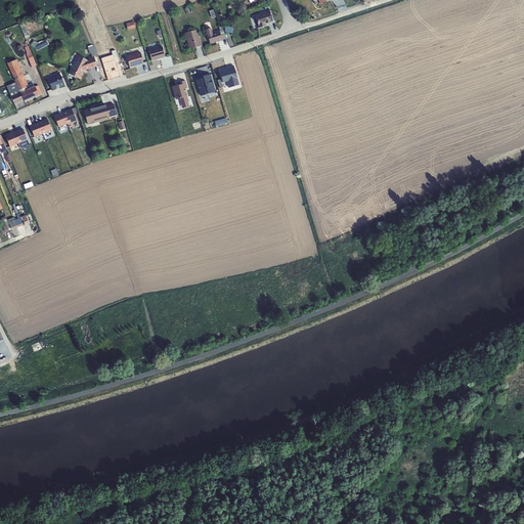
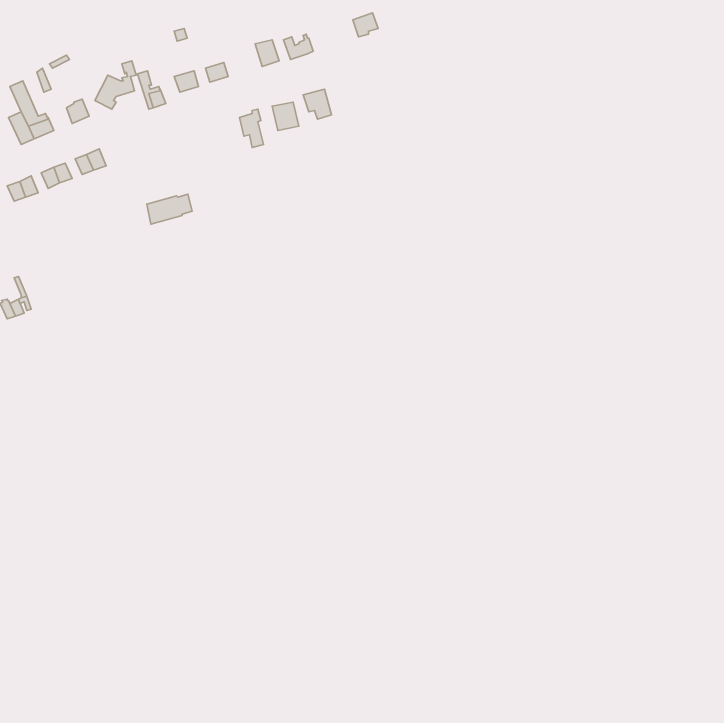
building: [84,102,117,124] -> [147,194,192,224]

